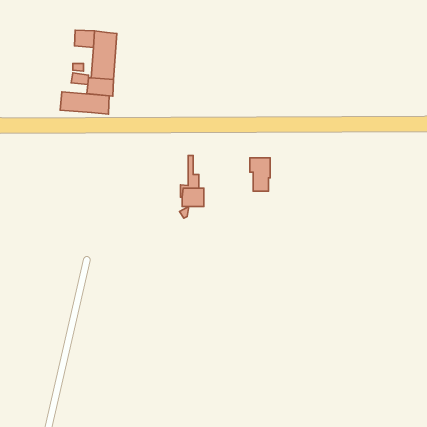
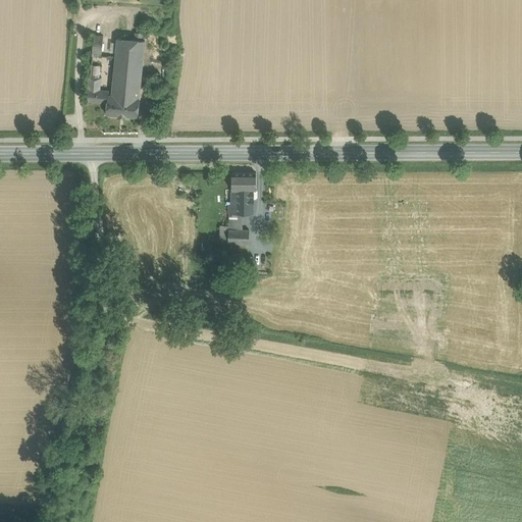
building: [60,92,109,114] -> none
building: [250,158,270,191] -> [231,172,256,213]

